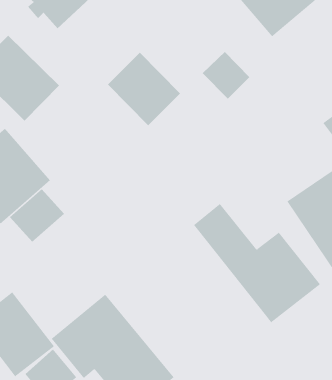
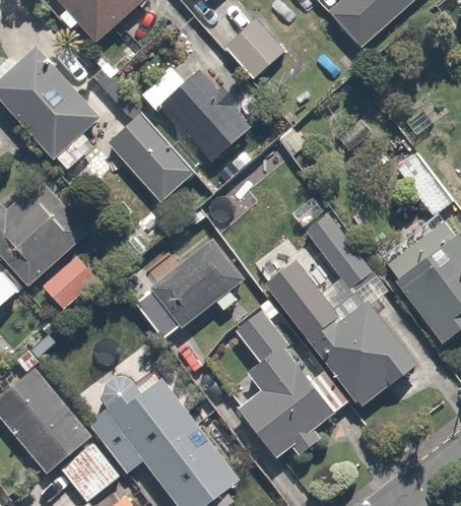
building: [202,51,250,99] -> [227,20,287,80]
building: none -> [104,111,192,199]
building: none -> [292,191,375,290]
building: none -> [149,239,241,324]
building: none -> [230,292,352,461]

